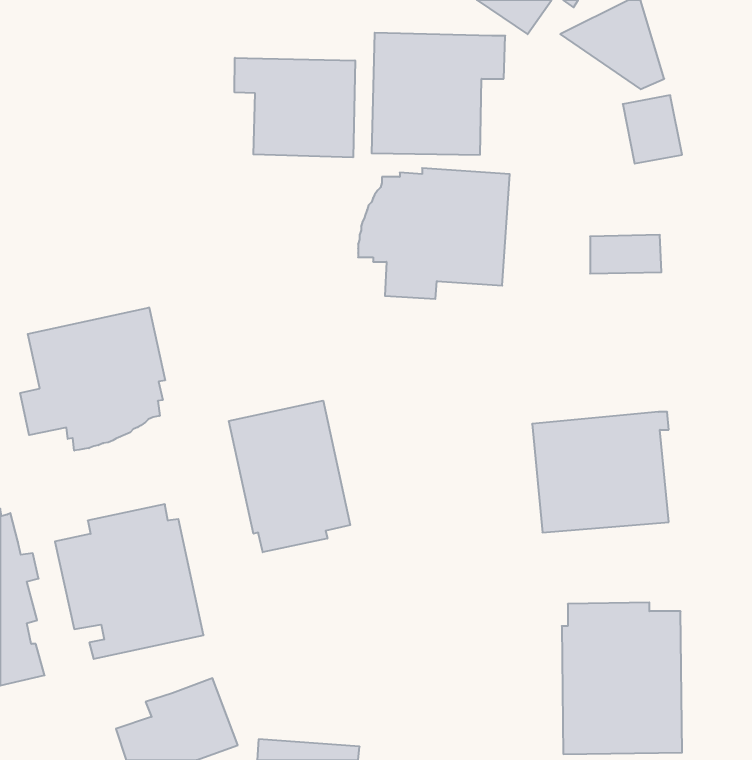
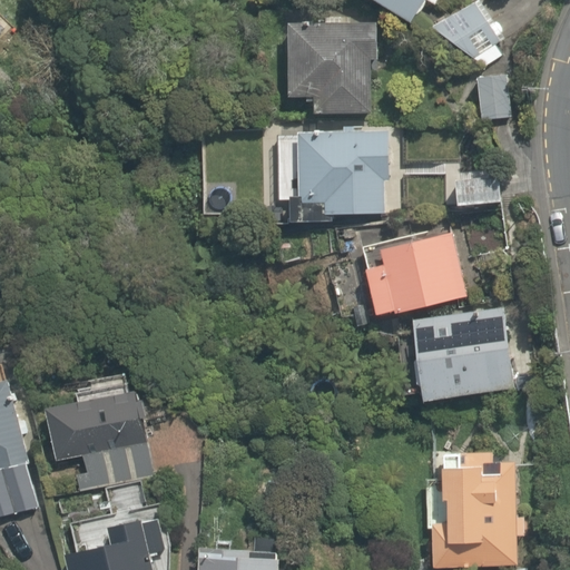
building: [235,58,355,157] -> none
building: [20,307,165,451] -> none
building: none -> [358,234,464,315]
building: [229,401,350,552] -> none

